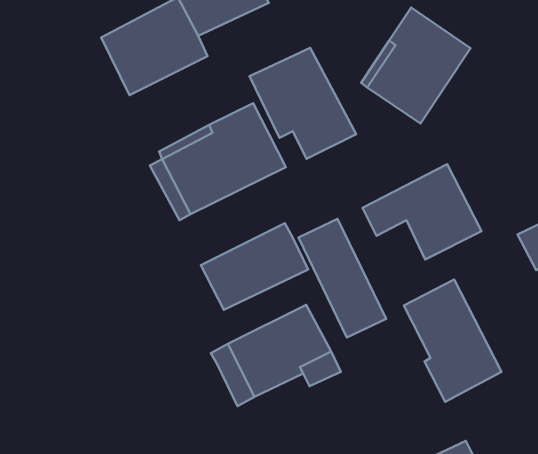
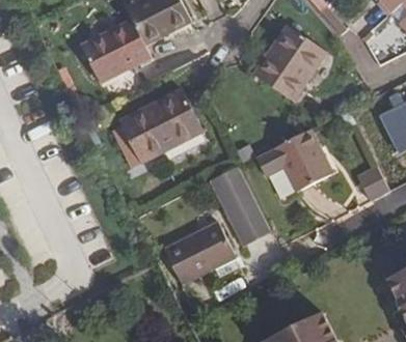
building: [249,48,356,159] -> none
building: [201,223,308,310] -> none
building: [404,279,502,402] -> none

